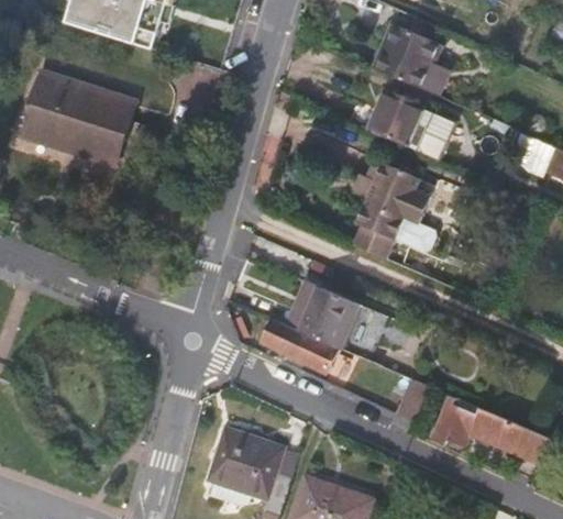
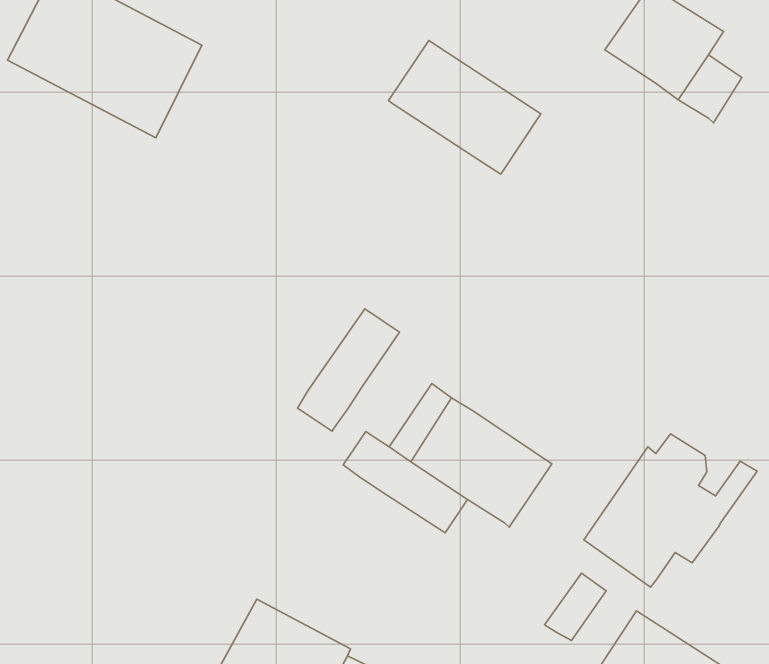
building: [369,90,461,162] -> [389,40,541,174]
building: [353,161,434,257] -> none
building: none -> [298,309,399,431]
building: none -> [584,434,757,587]

